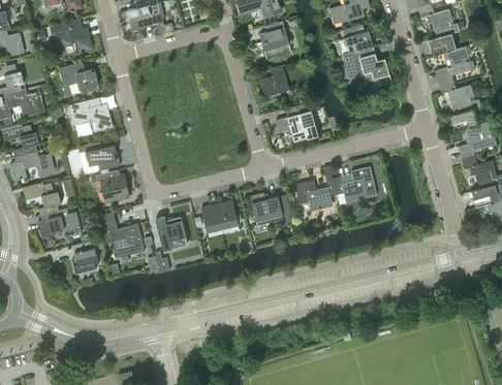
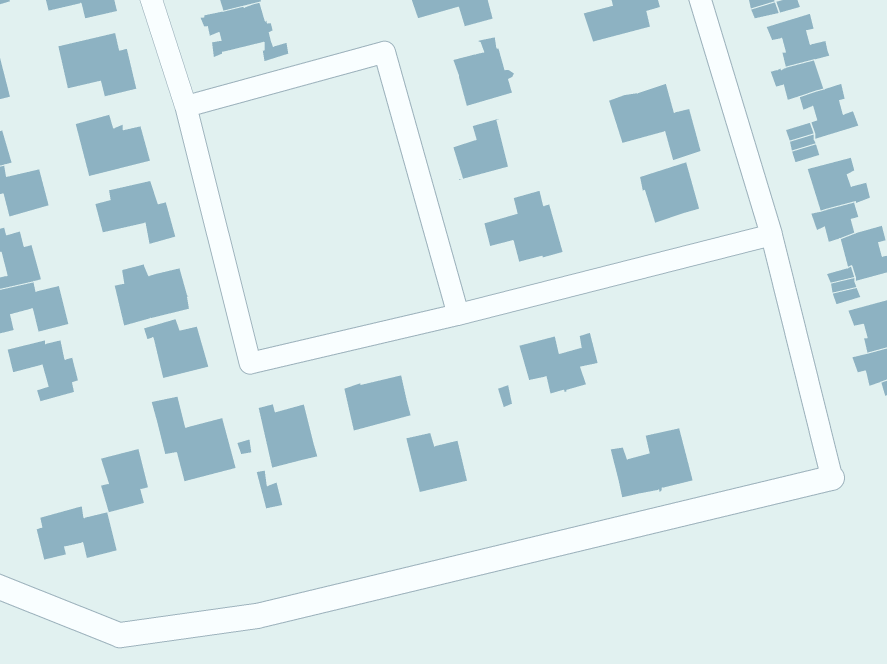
building: [338,25,373,55] -> none
building: none -> [640,161,700,224]
building: [333,166,377,203] -> [610,428,694,498]
building: [250,192,283,224] -> [405,432,468,493]
building: [38,208,82,237] -> [36,506,117,560]

